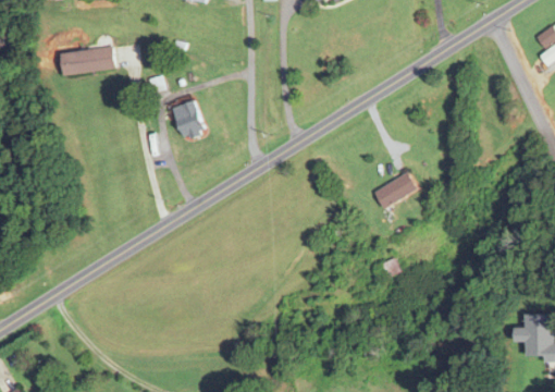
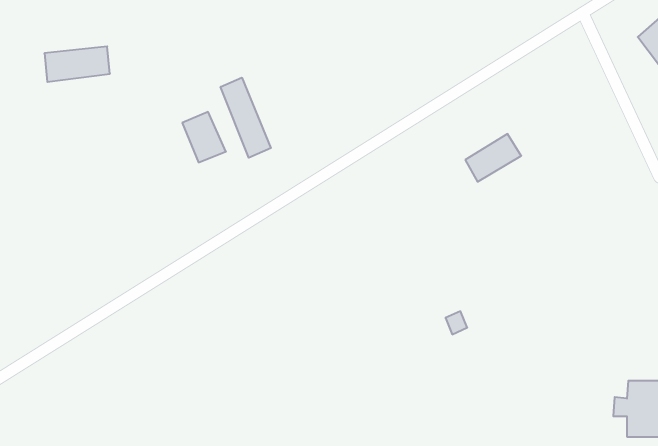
building: none -> [221,78,271,158]
building: [374,171,419,209] -> [465,134,521,182]

